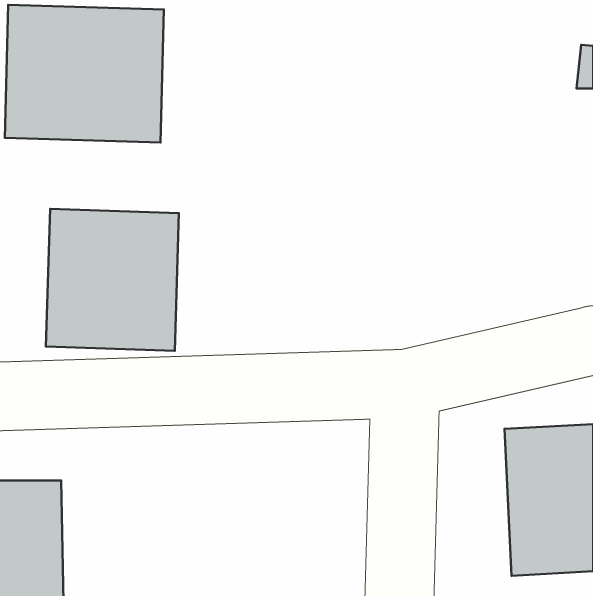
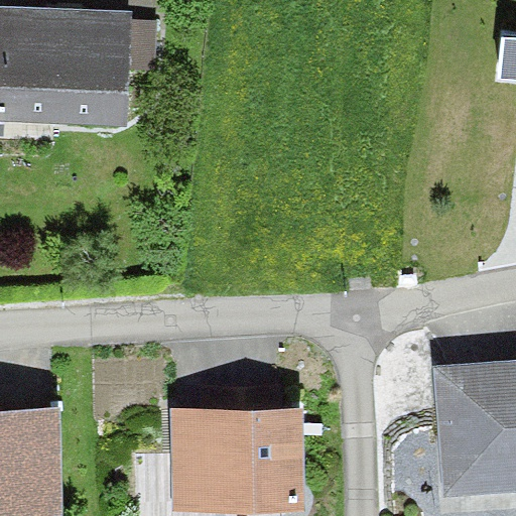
building: [46,209,179,351] -> none
building: none -> [179,405,315,510]

